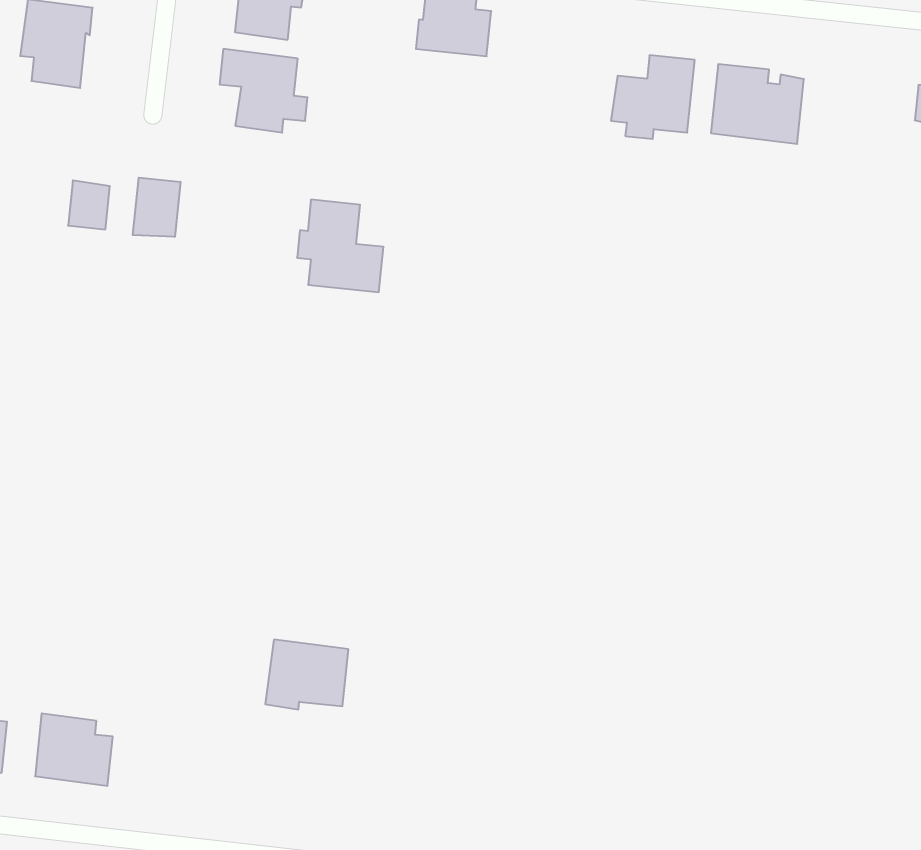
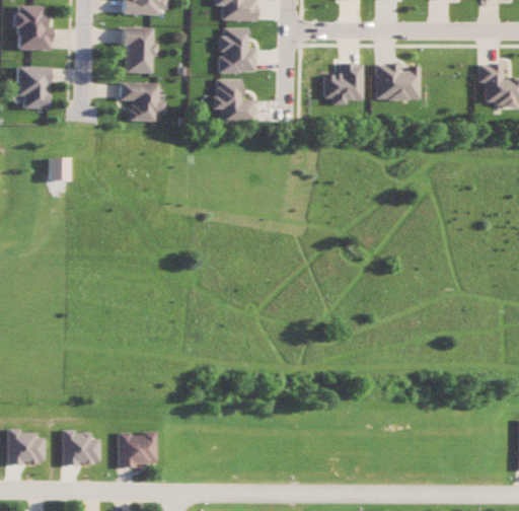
building: [133,178,180,237] -> none
building: [297,200,384,292] -> [211,79,254,123]
building: [265,640,348,710] -> [117,433,156,467]

